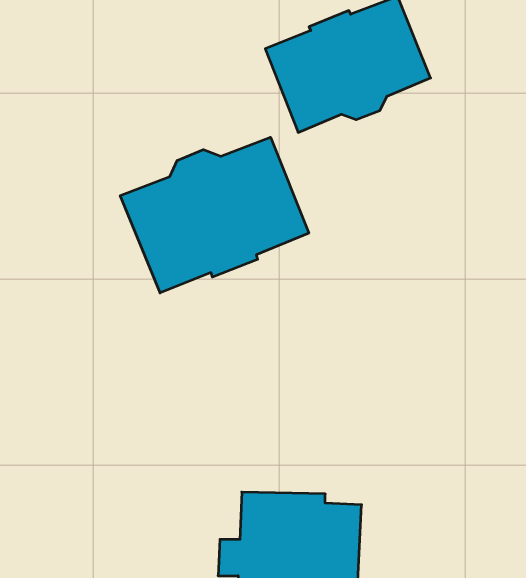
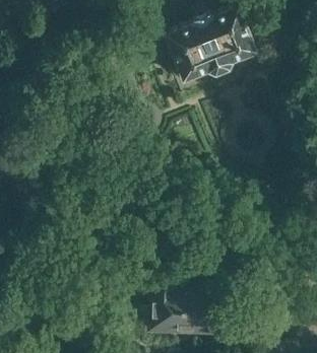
building: [120,137,309,293] -> none

